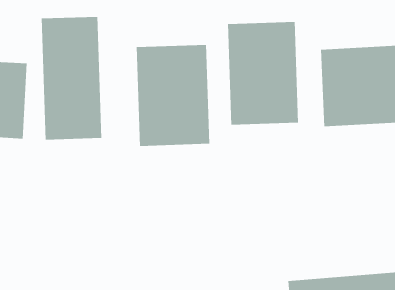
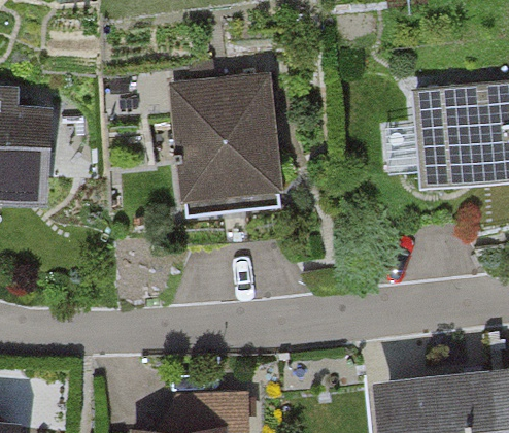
building: [41,16,102,140] -> none
building: [227,21,298,125] -> none

